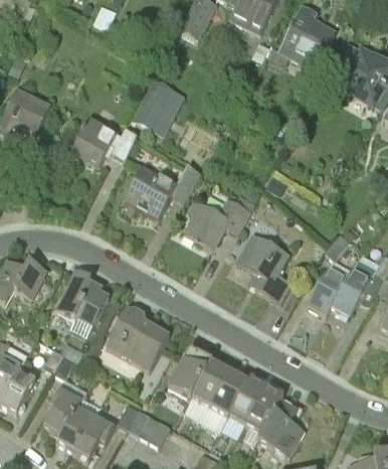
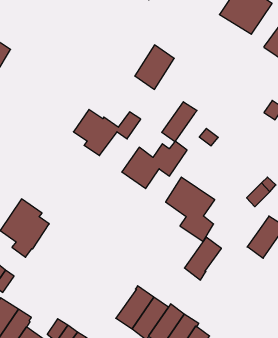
building: [133,81,175,130] -> [135,45,174,89]
building: [72,119,136,164] -> none
building: none -> [162,102,197,142]
building: [307,267,346,315] -> [184,237,221,280]
building: [106,308,169,369] -> none
building: [167,349,211,400] -> none

